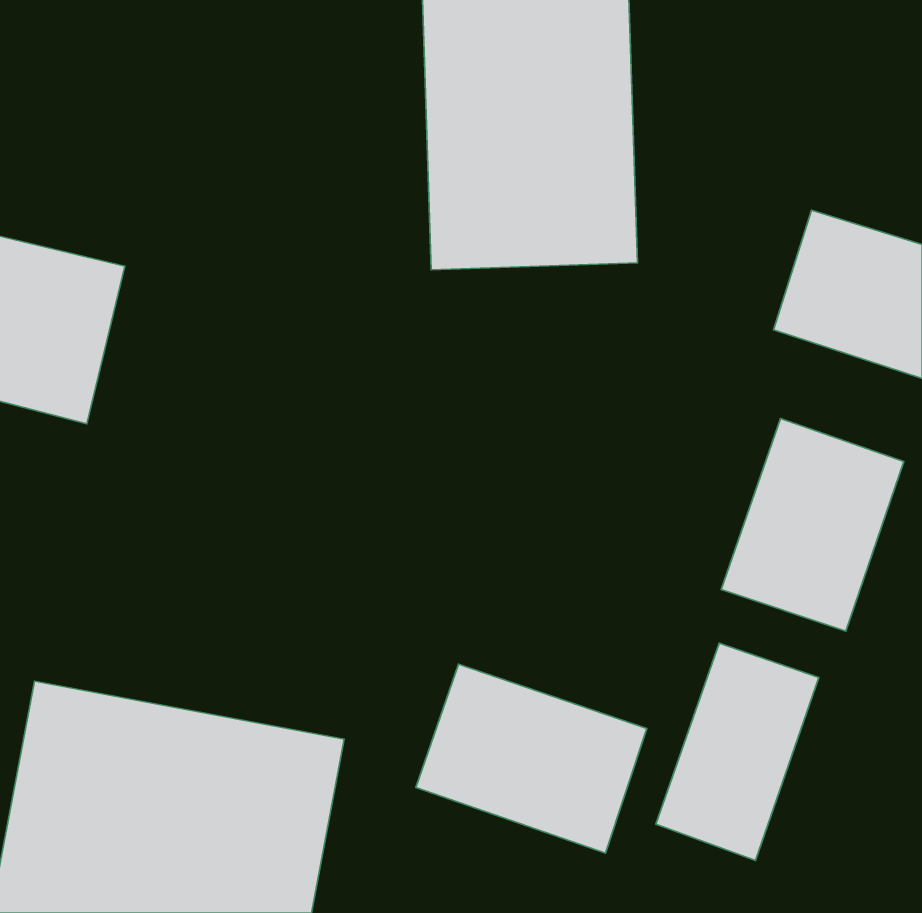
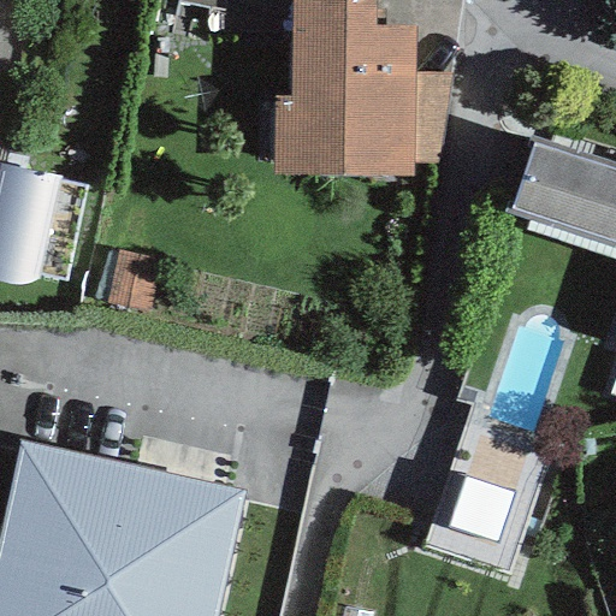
building: [721,419,904,631] -> none
building: [416,664,647,853] -> none

